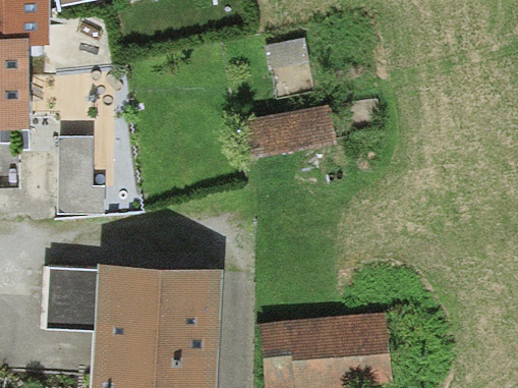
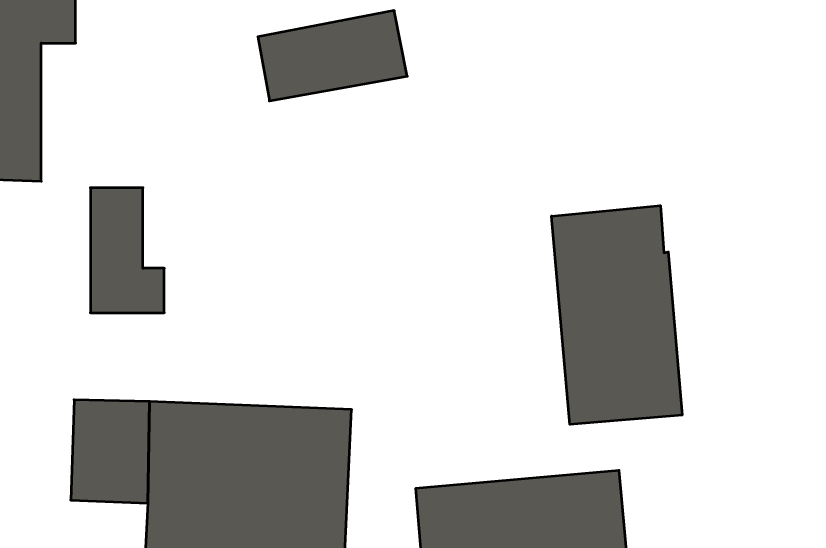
building: [243,103,336,159] -> [258,11,407,101]
building: none -> [552,206,682,424]

